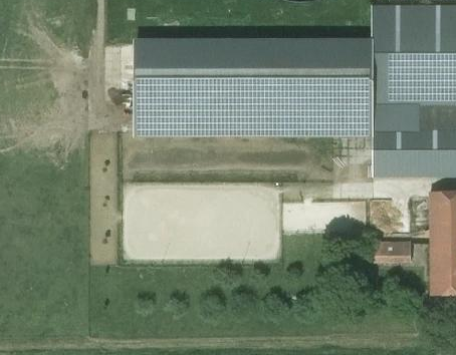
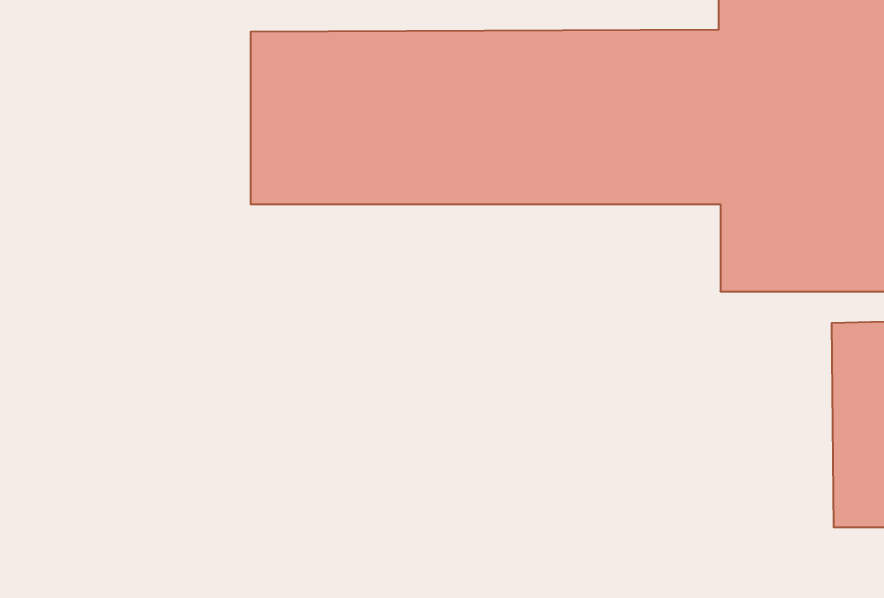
building: [370,241,410,262] -> none

